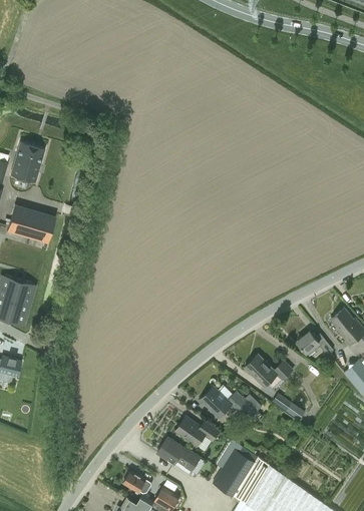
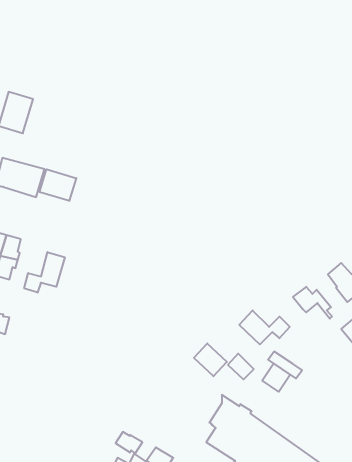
building: none -> [39,169,76,201]
building: none -> [24,252,65,293]
building: none -> [262,363,290,392]
building: [175,417,220,447] -> none
building: [156,439,200,472] -> none

